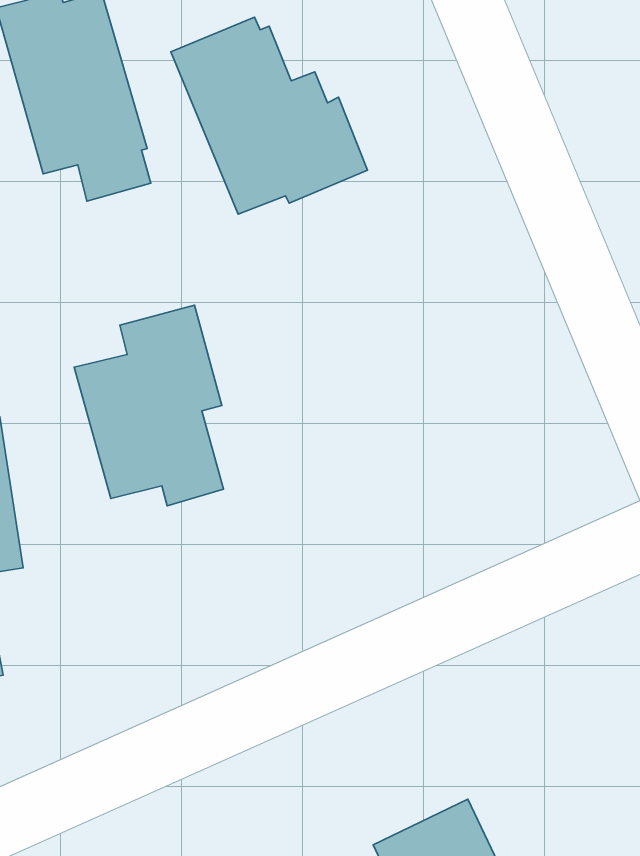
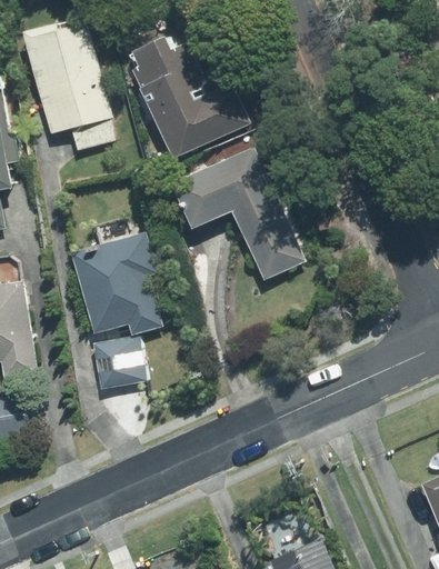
building: none -> [173,148,305,279]
building: none -> [86,337,149,392]

